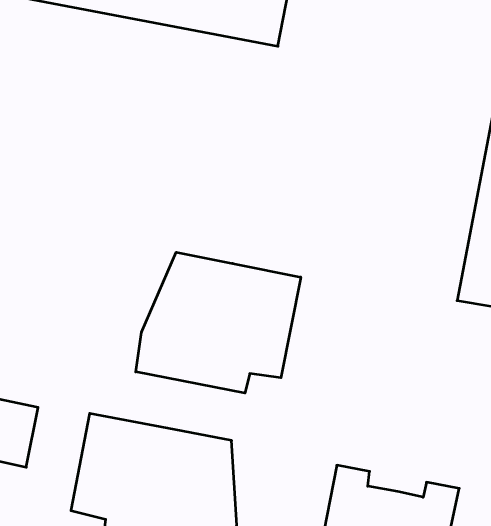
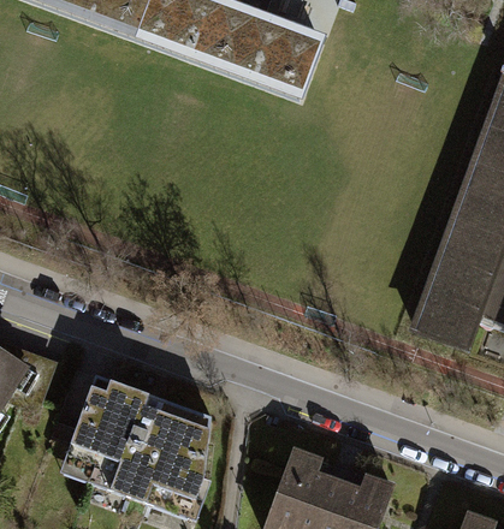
building: [136,252,301,393] -> none

